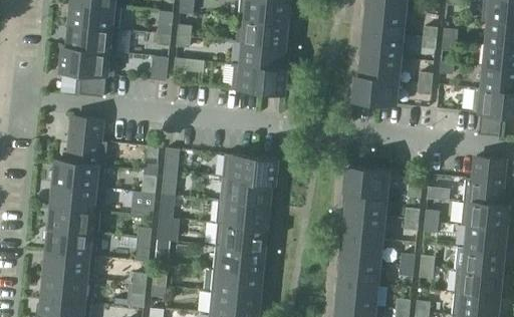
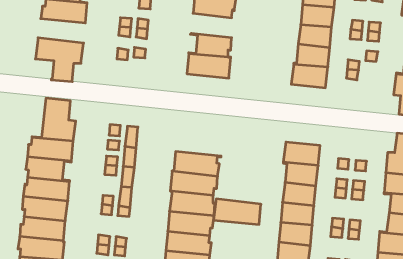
building: [239,19,287,47] -> none
building: [63,25,117,53] -> none
building: [221,153,275,183] -> [214,199,261,224]

